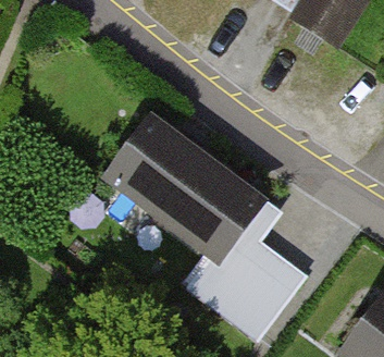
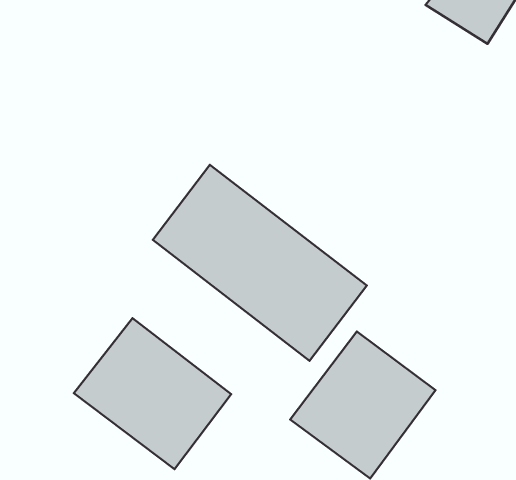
building: none -> [74,318,231,469]

